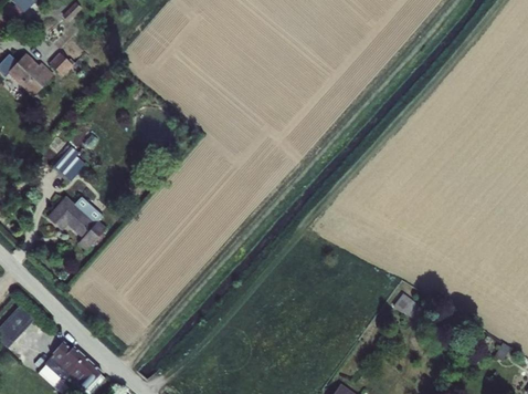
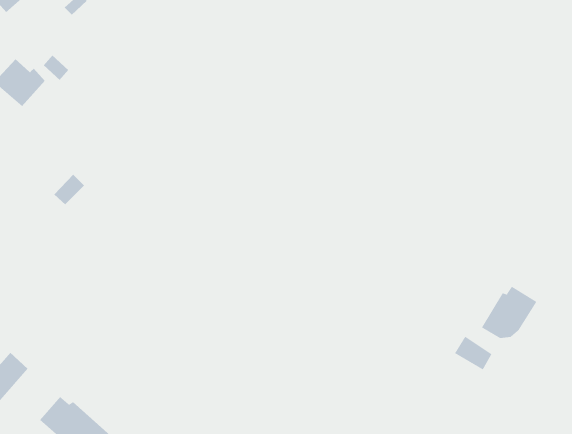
building: [42,195,101,247] -> none
building: none -> [481,286,537,339]

